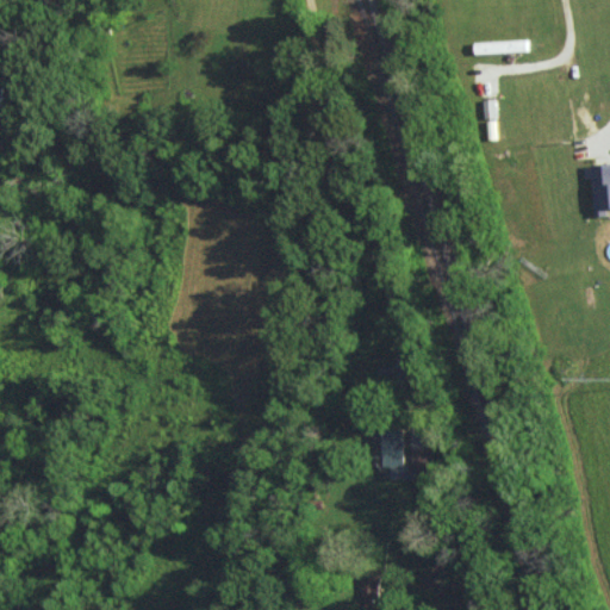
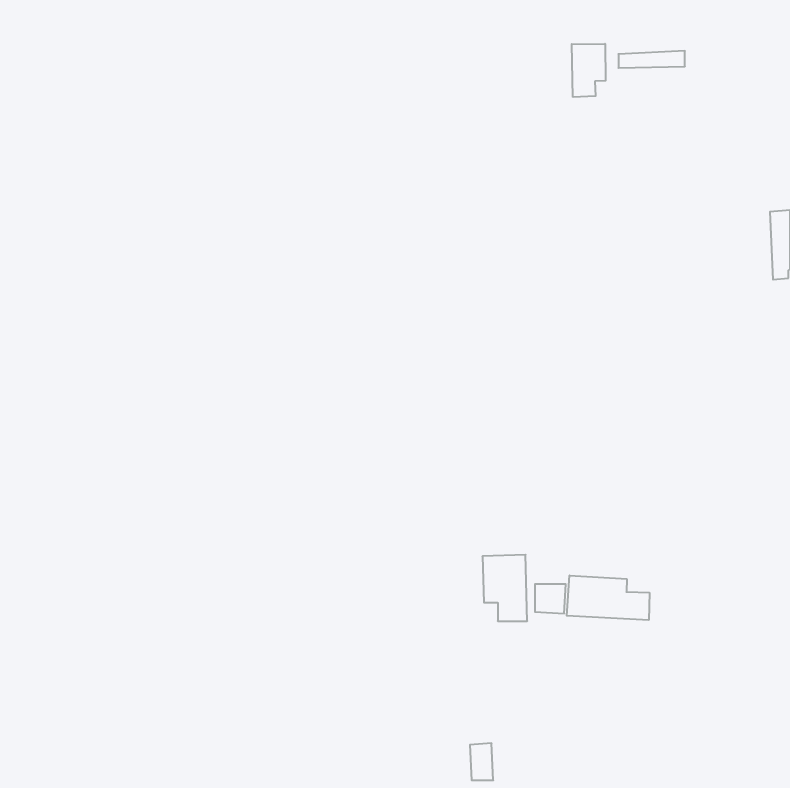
building: none -> [572,44,606,97]
building: none -> [567,575,649,620]

